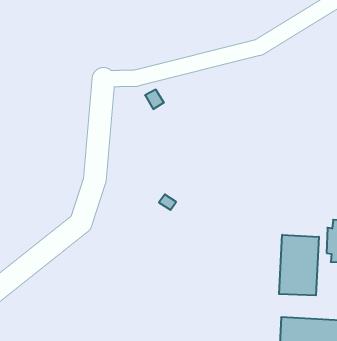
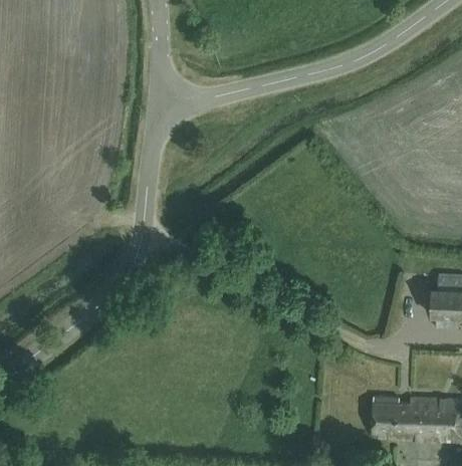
building: [279,235,319,295] -> none

